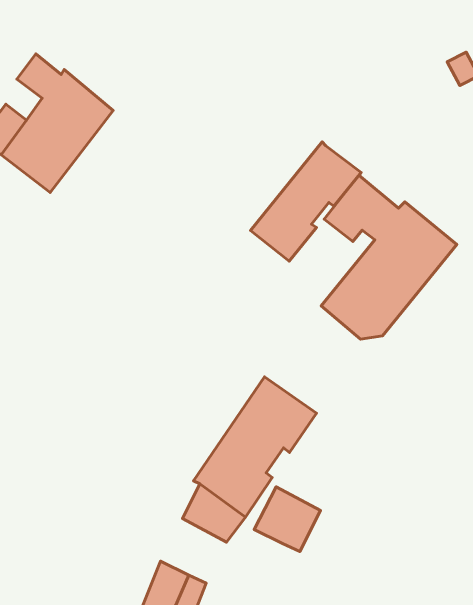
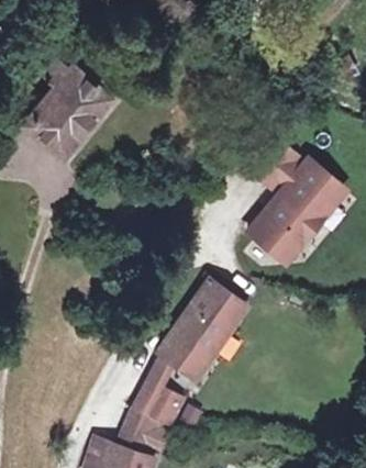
building: [250,142,361,261] -> none
building: [254,487,320,551] -> [137,378,184,423]

